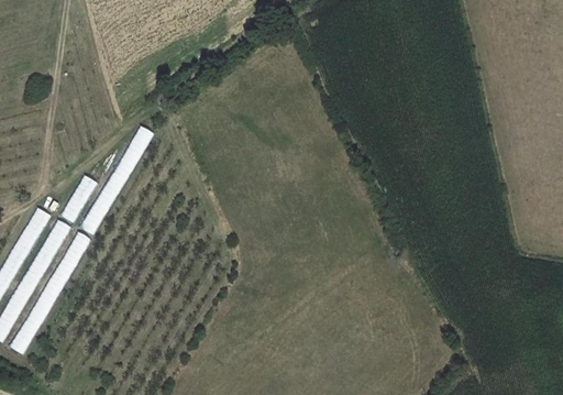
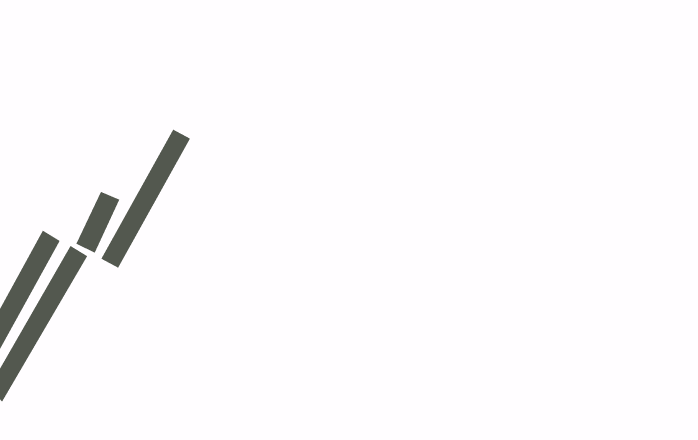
building: [10,230,89,355] -> none

